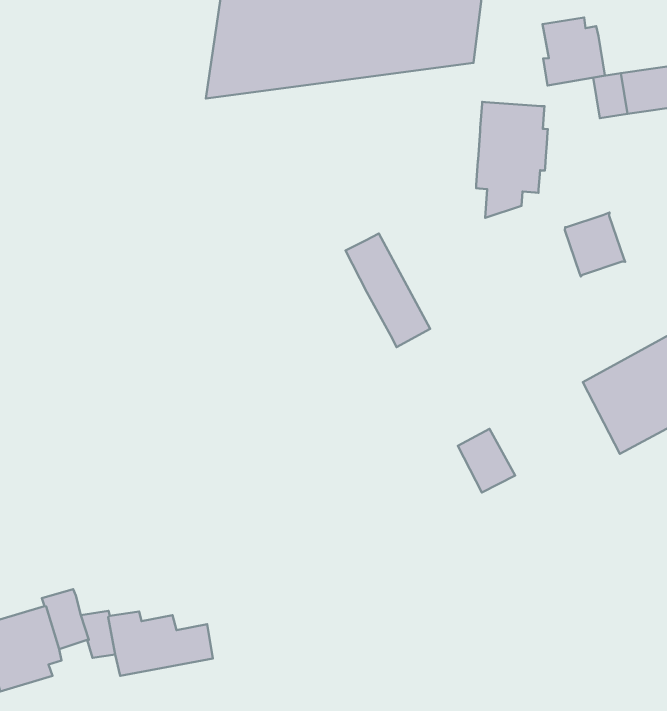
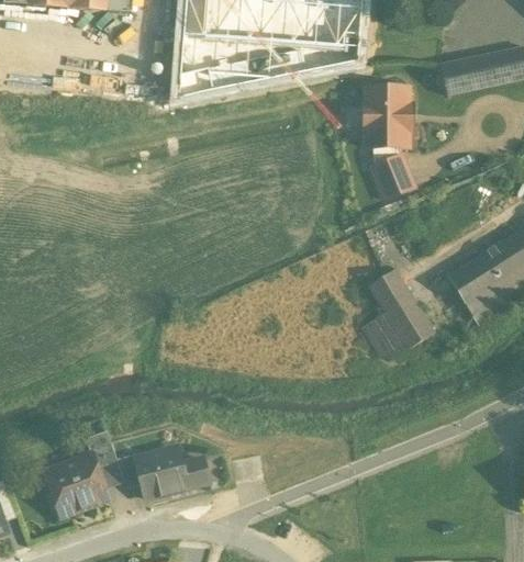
building: [542,17,605,85] -> none
building: [565,212,625,276] -> [372,155,415,200]
building: [346,233,430,347] -> [370,270,432,347]

